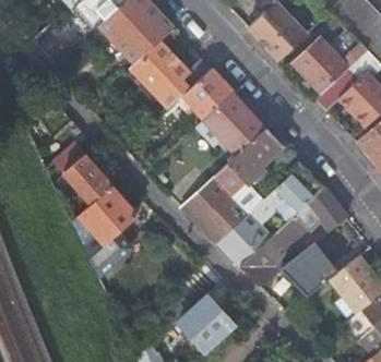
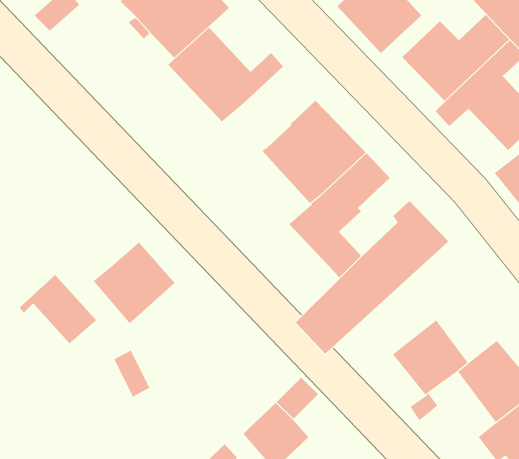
building: [183,69,234,124] -> none
building: [59,157,112,205] -> [19,274,97,344]
building: [182,177,250,244] -> none
building: [240,189,348,286] -> none

